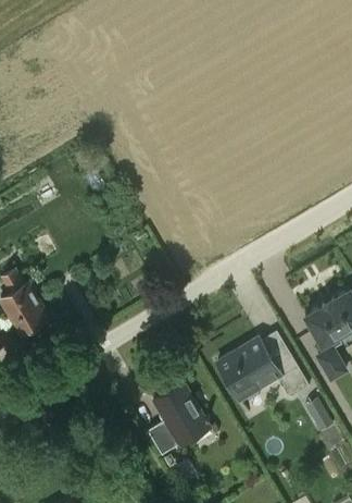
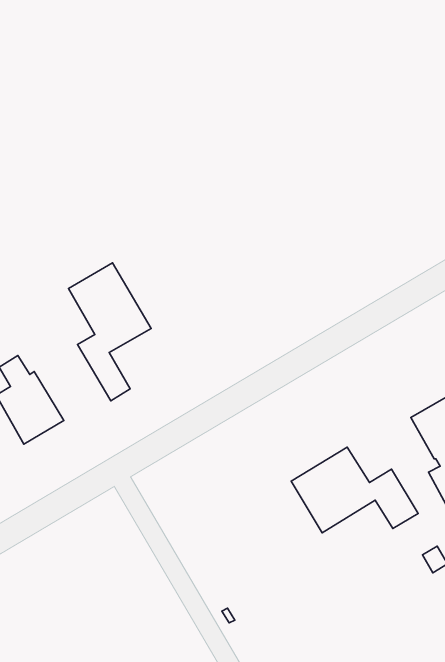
building: none -> [68,263,151,401]
building: [148,383,211,455] -> none

